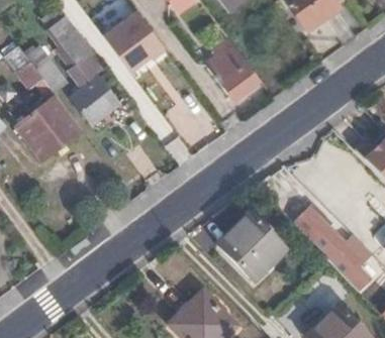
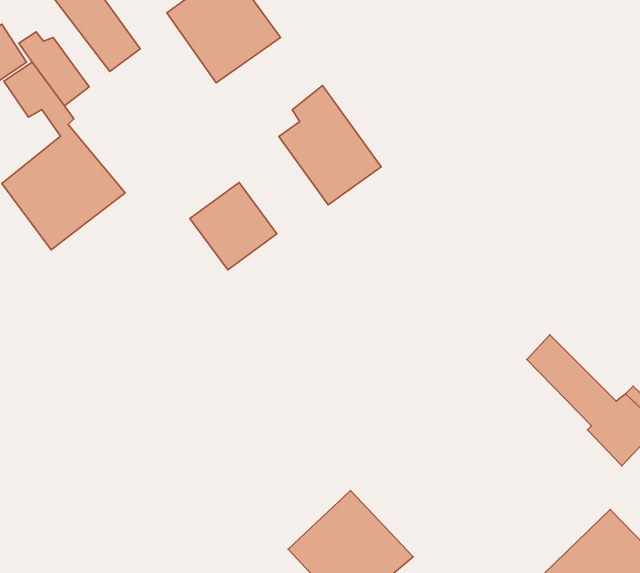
building: [205,35,260,99] -> [279,85,381,205]
building: [72,77,118,123] -> [190,183,277,270]
building: [220,207,288,275] -> none

